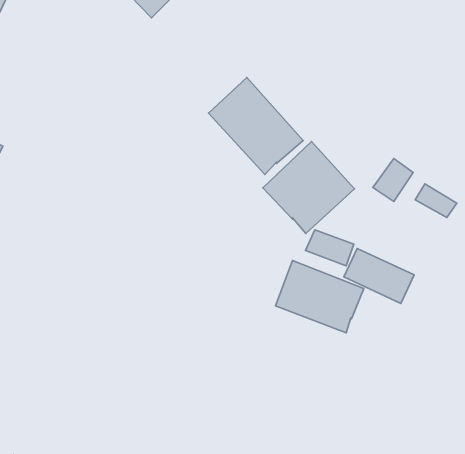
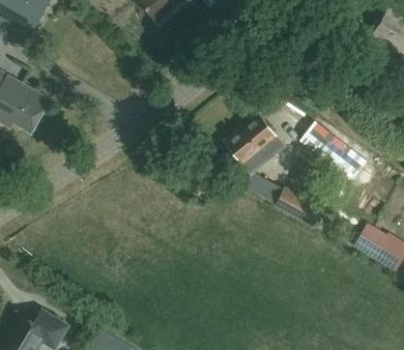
building: [209,77,303,174] -> none
building: [275,260,364,333] -> none

